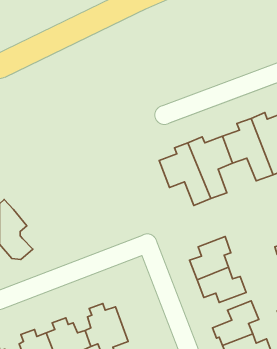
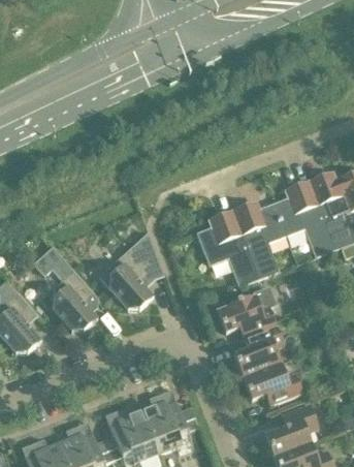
building: none -> [99,232,163,310]
building: none -> [34,247,98,332]
building: none -> [217,285,278,338]
building: none -> [143,392,199,455]

